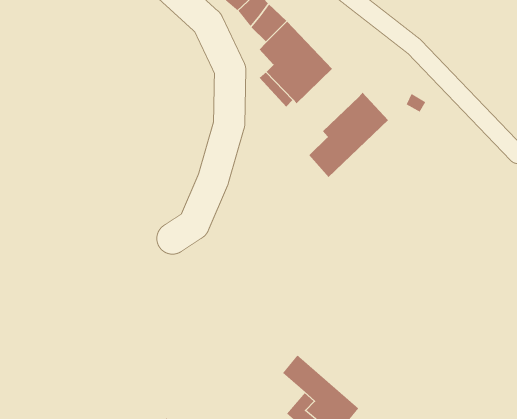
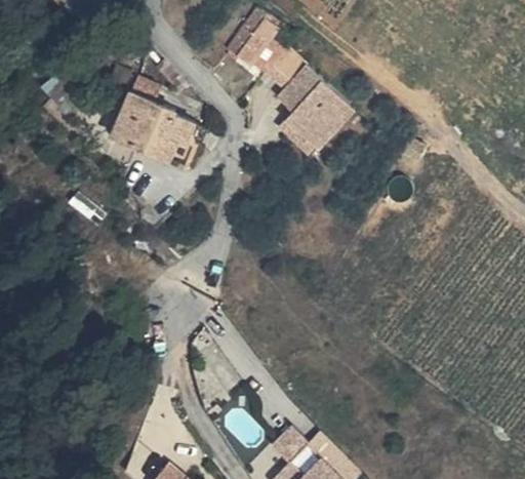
building: none -> [113,90,203,166]
building: [308,92,389,178] -> none

